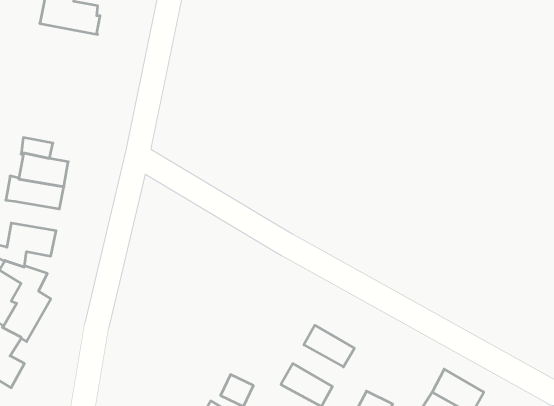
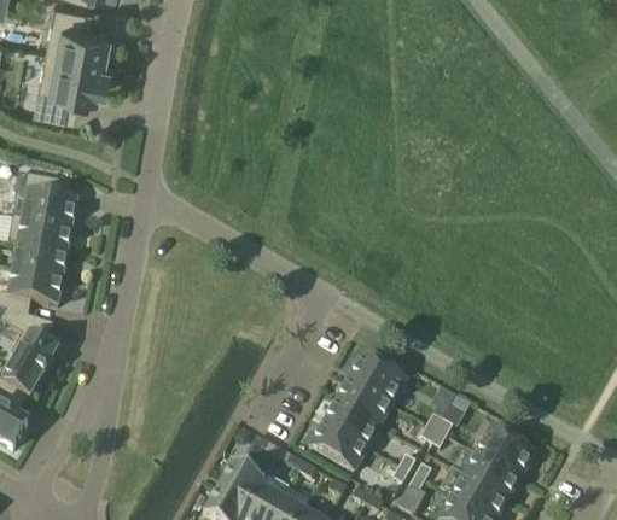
building: none -> [34,47,110,115]
building: none -> [14,243,68,275]
building: none -> [349,354,407,404]
building: none -> [420,385,468,445]
building: none -> [325,401,380,446]

